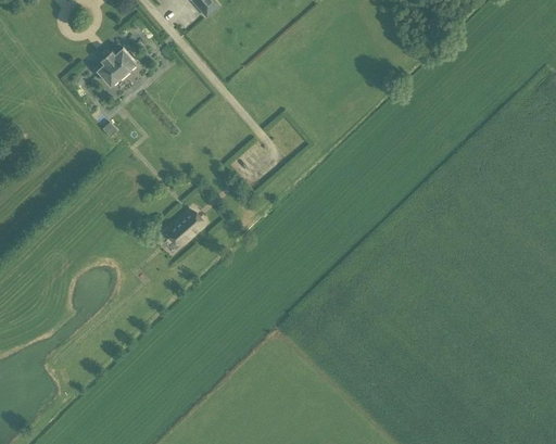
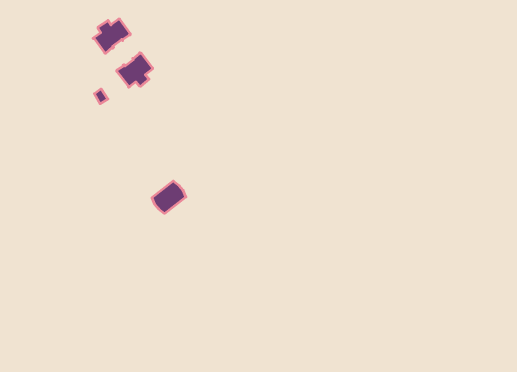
building: none -> [117,53,153,87]

